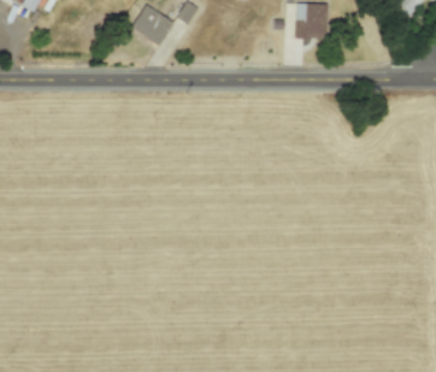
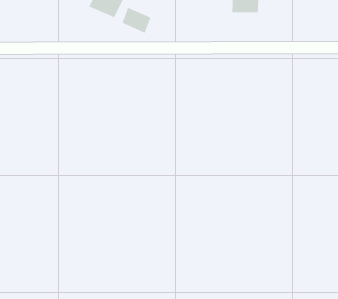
building: none -> [121,7,151,34]

